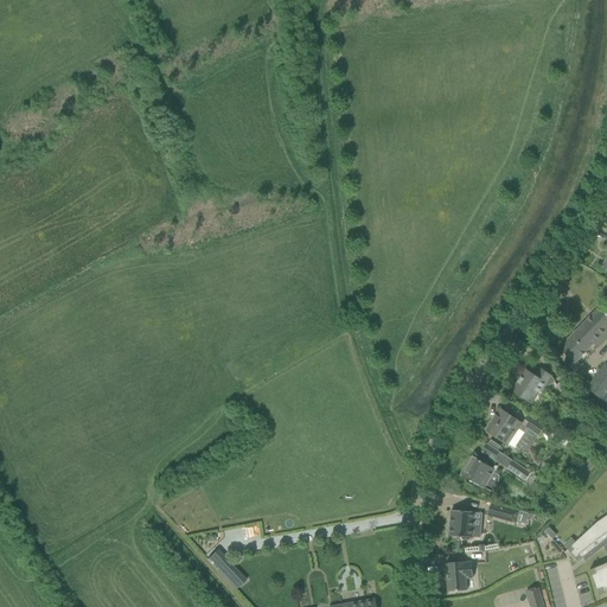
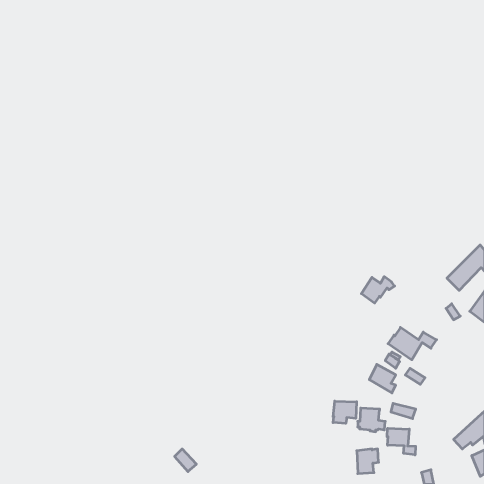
building: [513,369,555,402] -> [361,277,395,303]
building: none -> [333,401,357,423]
building: none -> [387,428,416,455]

